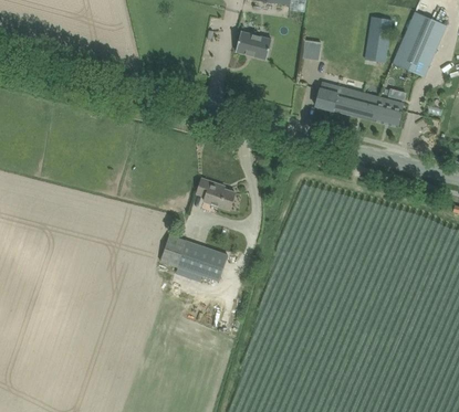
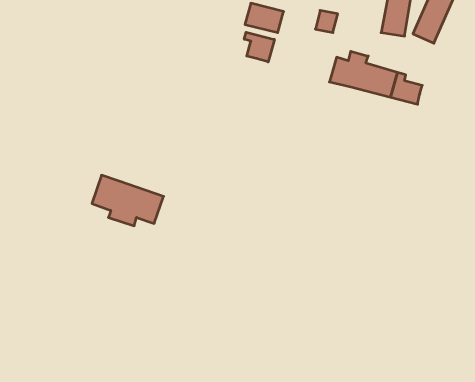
building: none -> [244,32,274,62]
building: [197,179,236,210] -> none
building: [160,235,228,283] -> [92,175,164,226]

